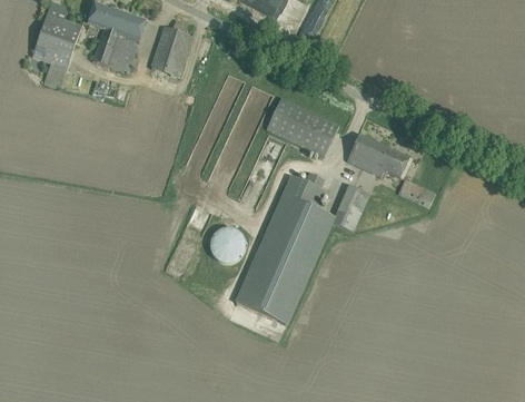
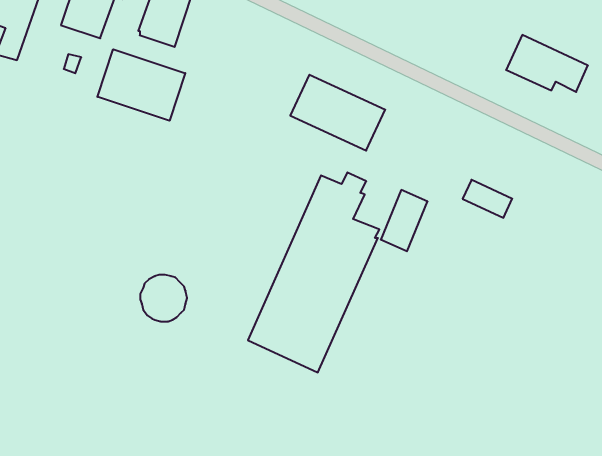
building: none -> [97,49,185,121]
building: [347,135,409,178] -> [506,35,588,92]
building: [210,227,246,263] -> [140,275,187,321]

